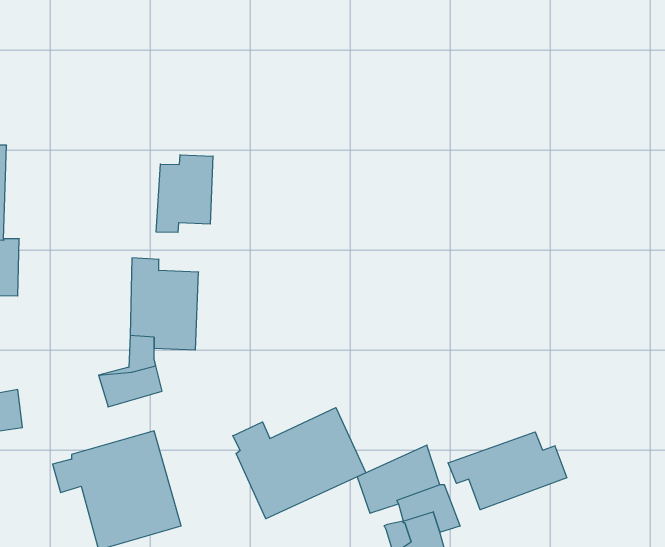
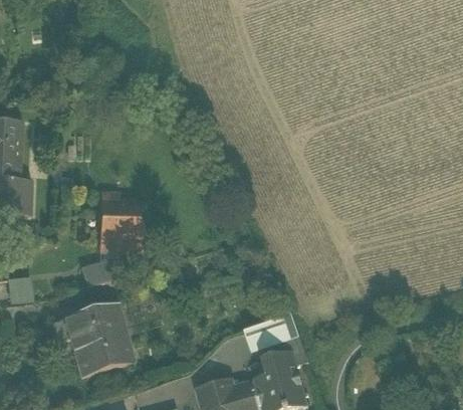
building: [156,155,213,232] -> none
building: [233,408,366,519] -> none
building: [448,432,567,510] -> none

